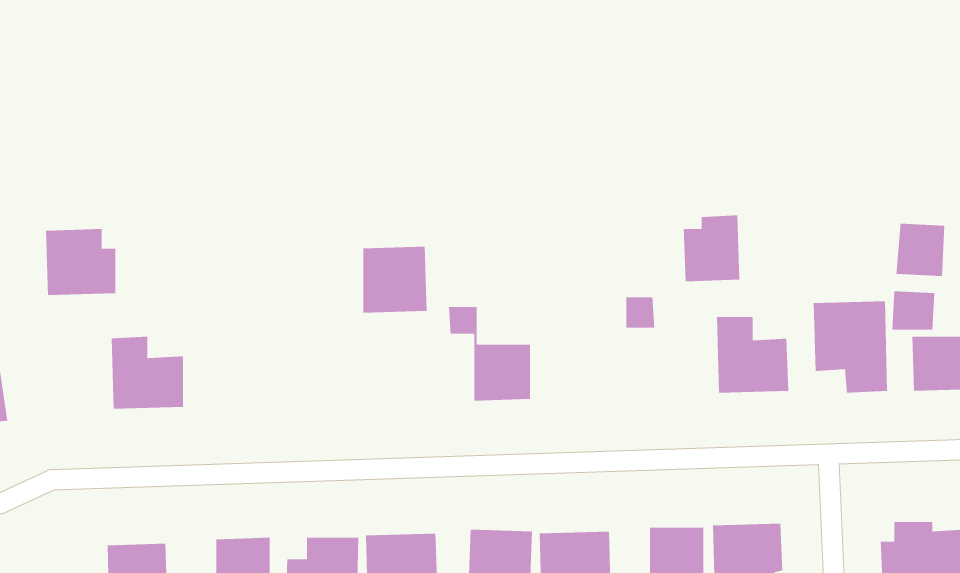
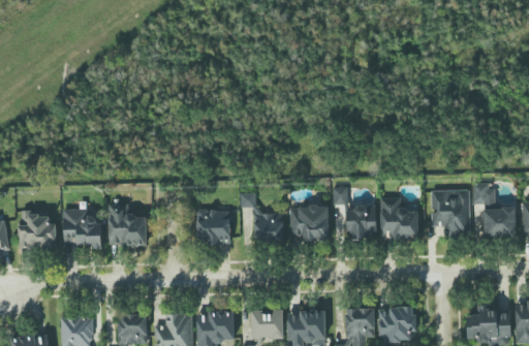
building: [683,215,740,282] -> [346,203,376,239]
building: [896,223,945,277] -> none
building: [45,229,116,296] -> [19,213,56,248]
building: [362,246,428,313] -> [196,209,230,244]
building: none -> [108,203,147,245]
building: none -> [289,206,329,241]

